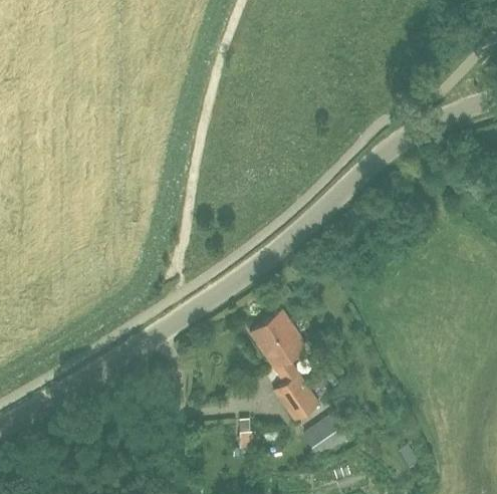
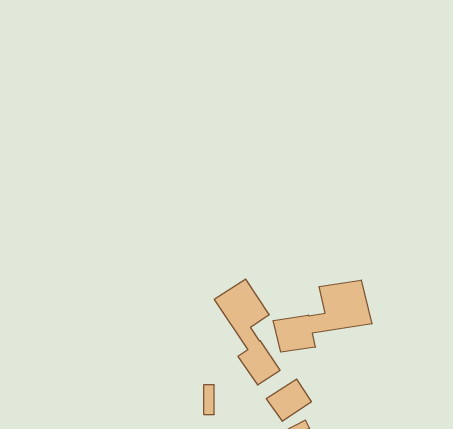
building: none -> [273,280,372,352]

